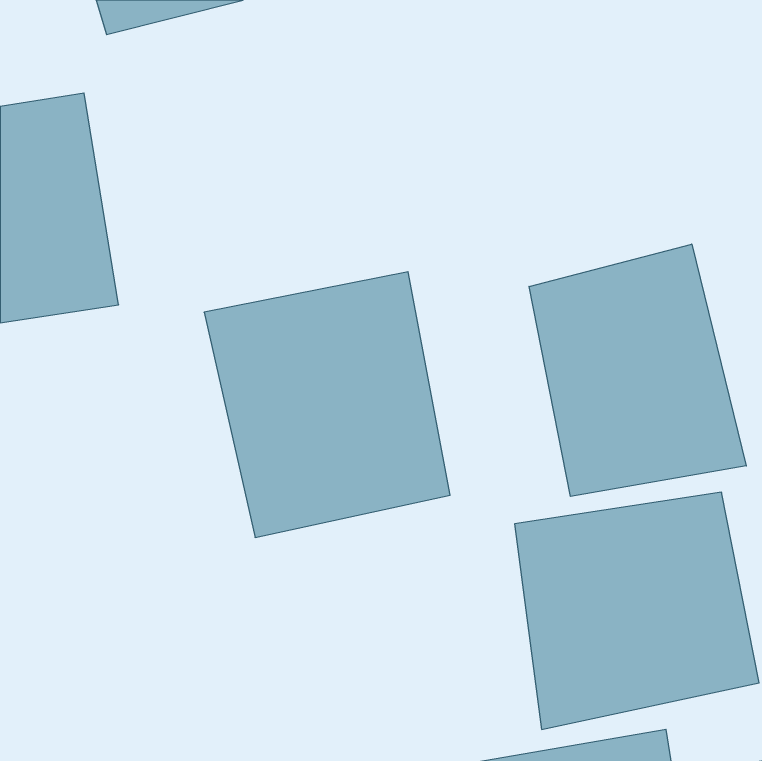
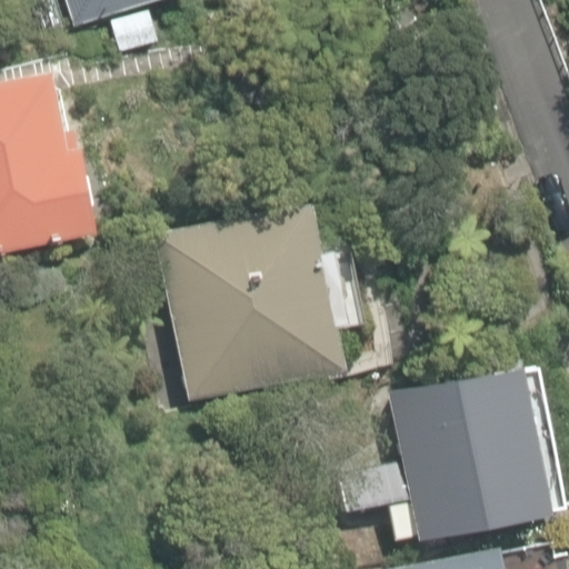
building: [529,244,746,496] -> none

